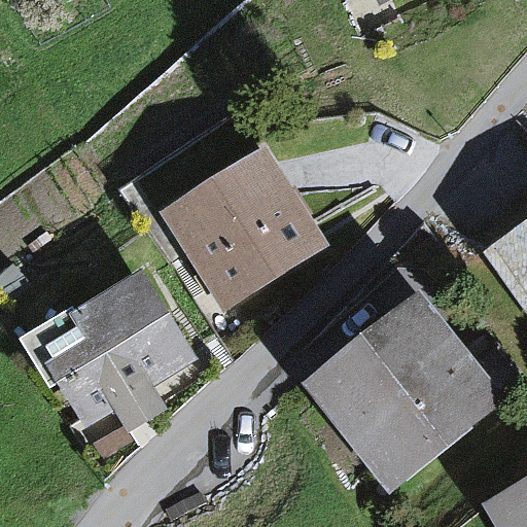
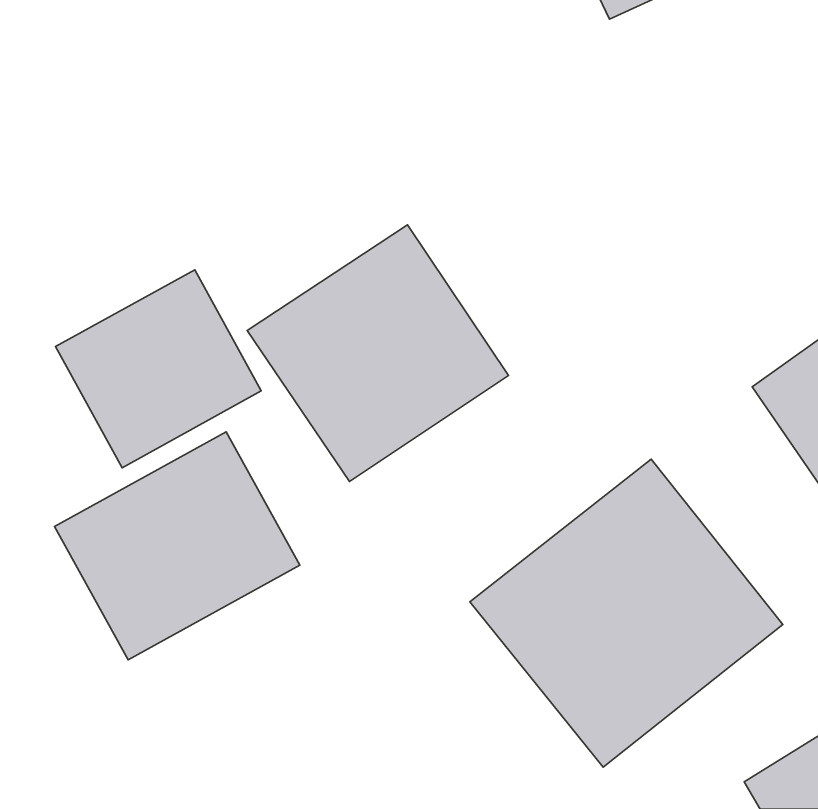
building: none -> [56,270,261,468]

